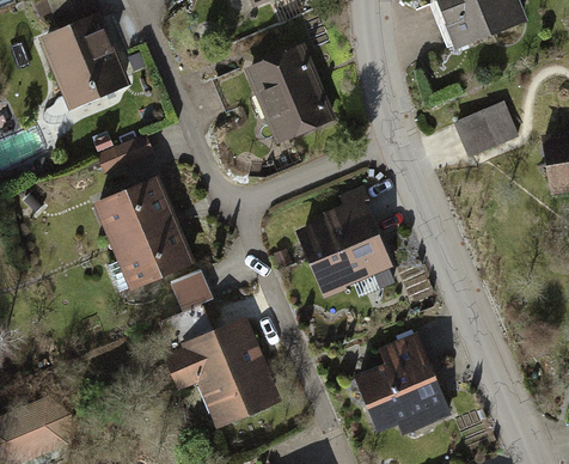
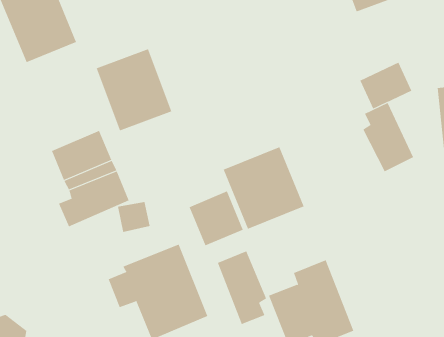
building: [245,43,334,139] -> [96,49,172,131]
building: none -> [363,102,414,172]
building: none -> [189,191,243,246]
building: none -> [217,250,267,325]

